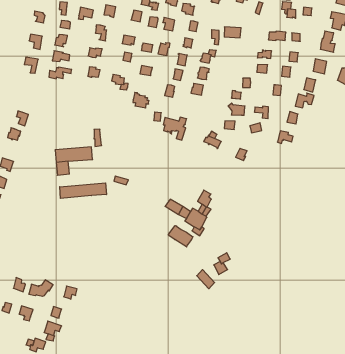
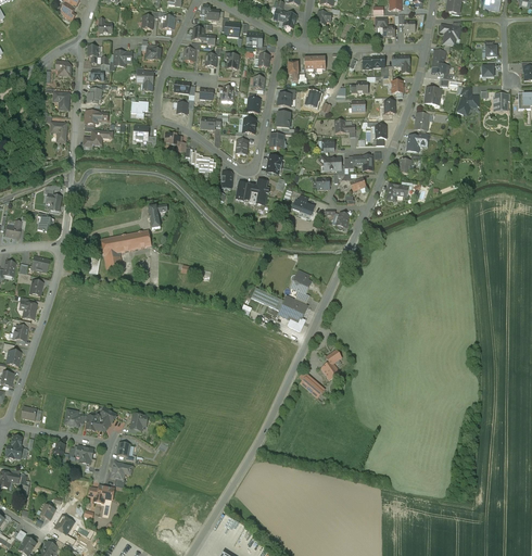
building: [60,183,106,198] -> none
building: [168,226,193,247] -> none

